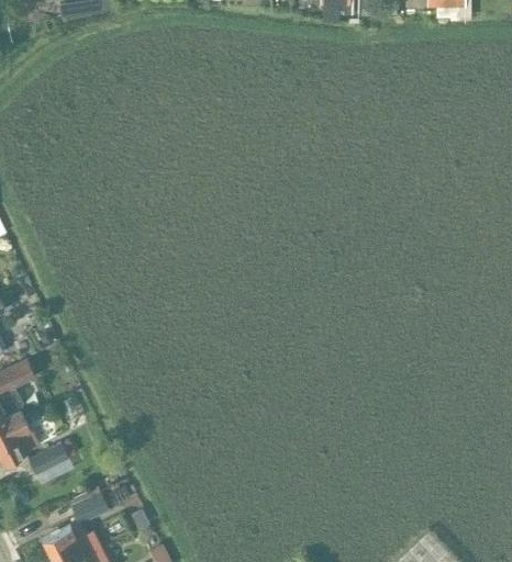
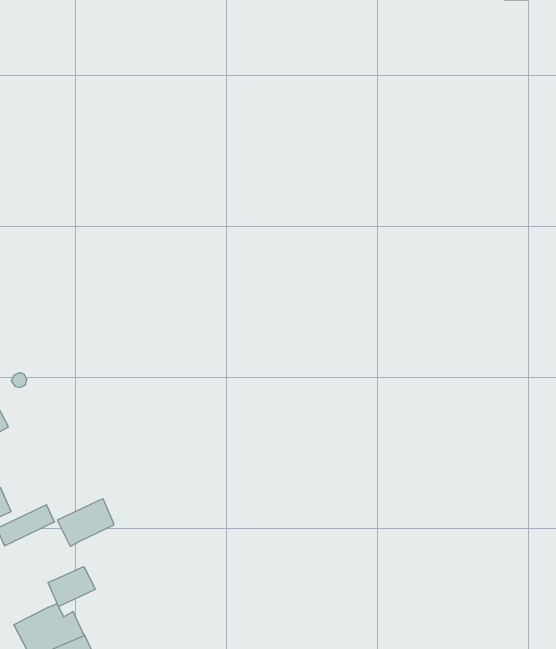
building: none -> [57,499,114,546]

